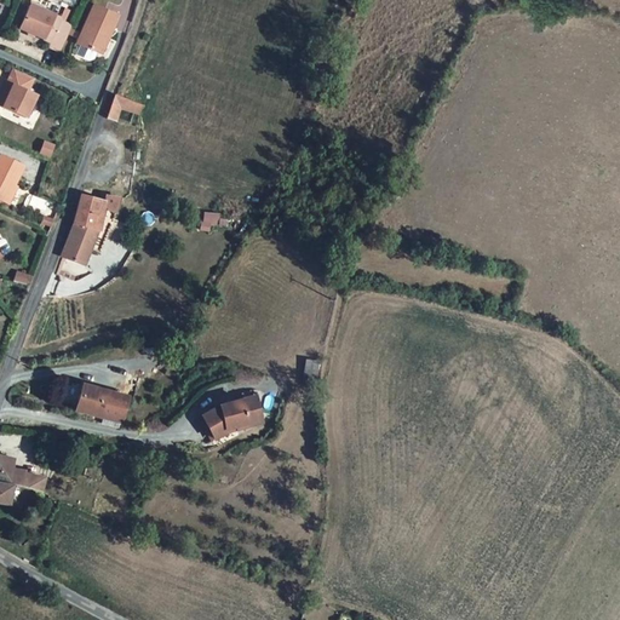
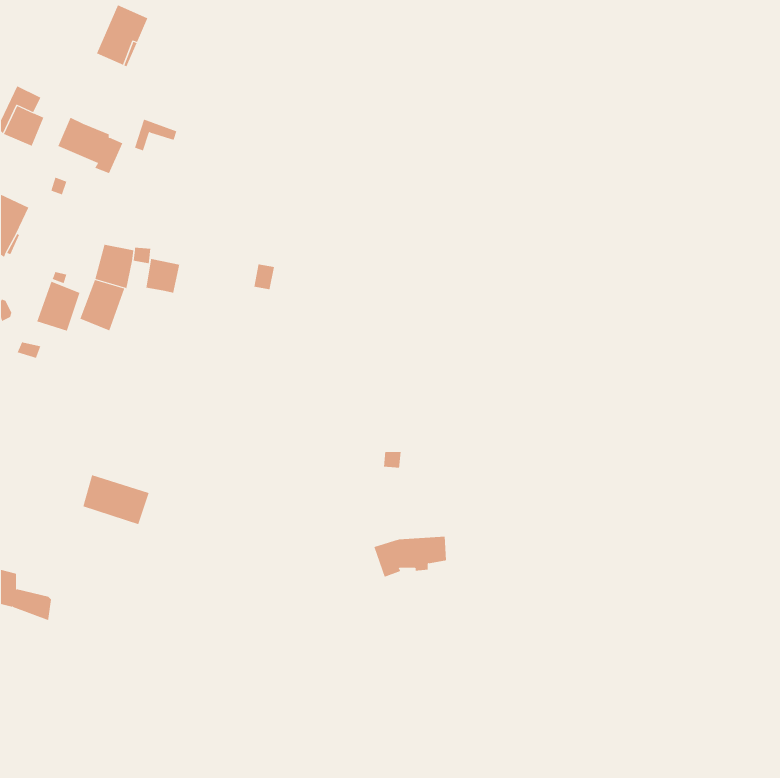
building: [19,5,71,50] -> [57,117,123,174]
building: none -> [146,258,180,293]
building: none -> [37,281,80,332]
building: [196,406,254,438] -> [374,536,447,577]

